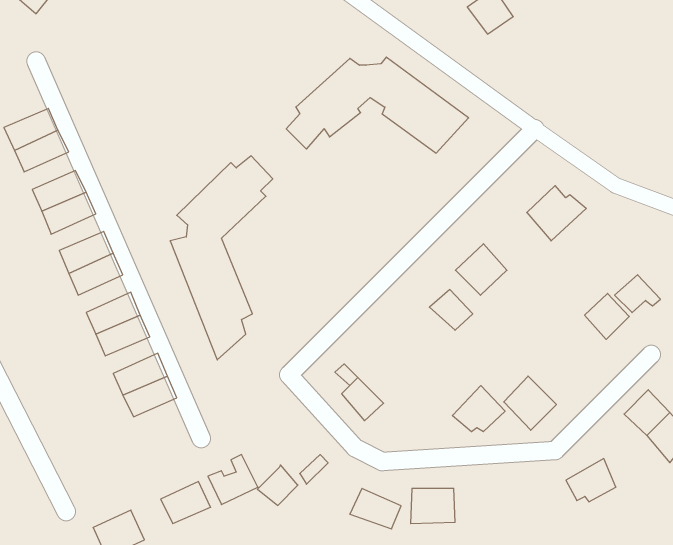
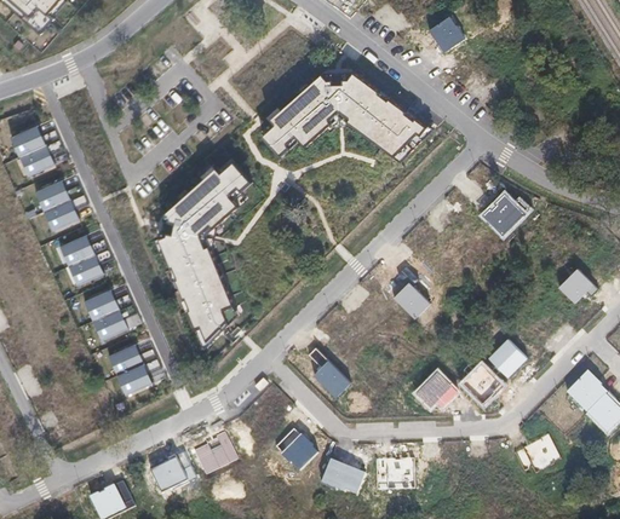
building: [455,244,507,295] -> none
building: [585,293,629,339] -> [487,336,527,377]
building: [257,465,298,505] -> [281,433,317,469]

